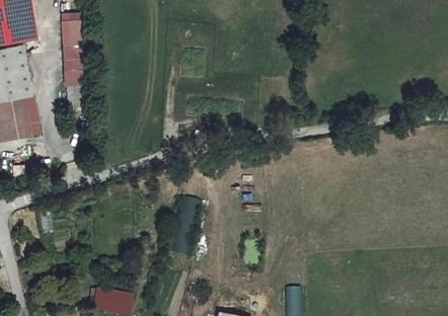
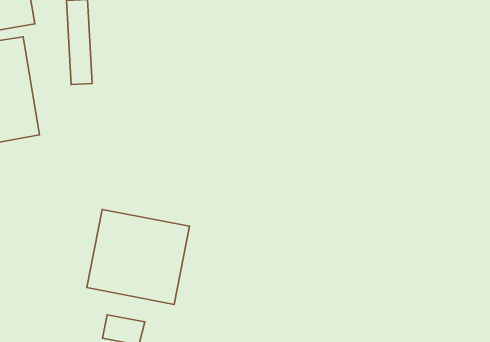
building: none -> [87,209,189,305]

